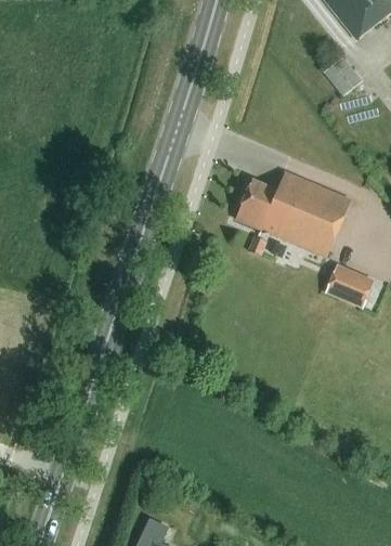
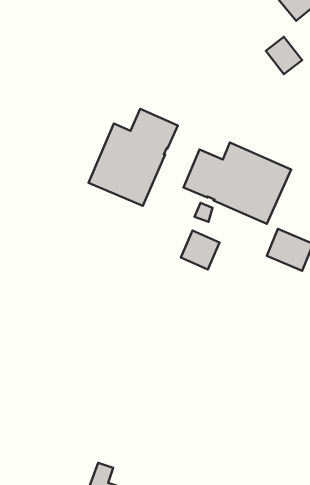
building: none -> [89,109,178,206]
building: none -> [181,230,219,269]

